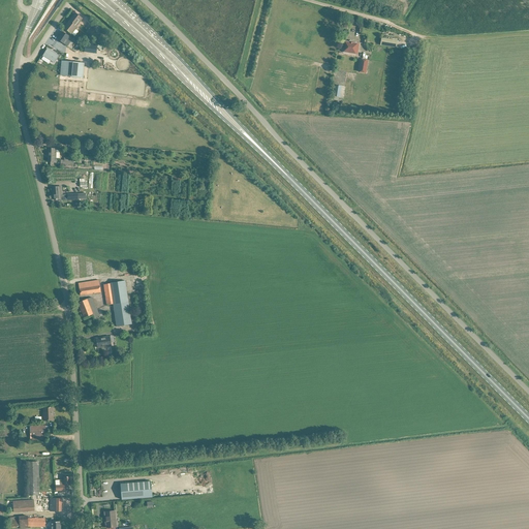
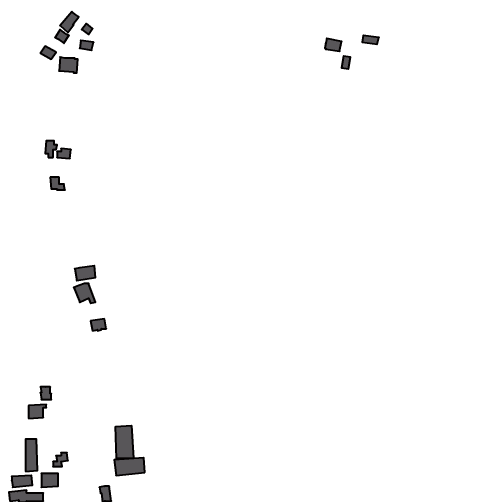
building: [103,280,132,325] -> none
building: none -> [116,426,134,458]

